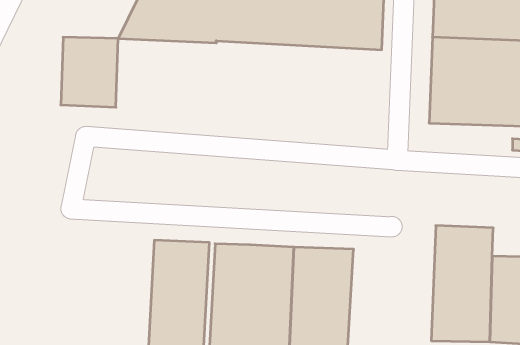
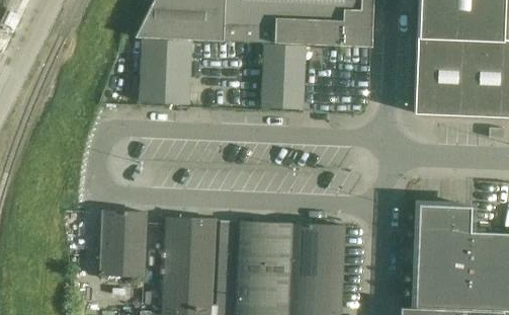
building: [61,37,118,107] -> [139,41,190,103]
building: none -> [261,46,321,108]
building: none -> [100,212,146,280]

